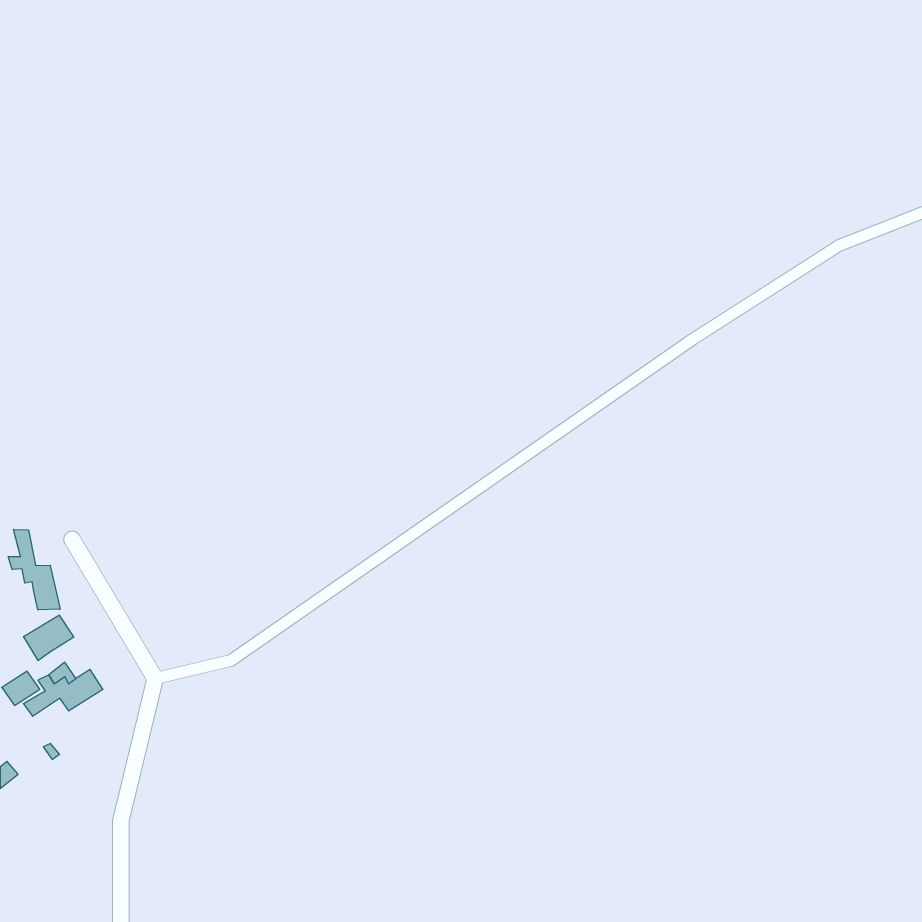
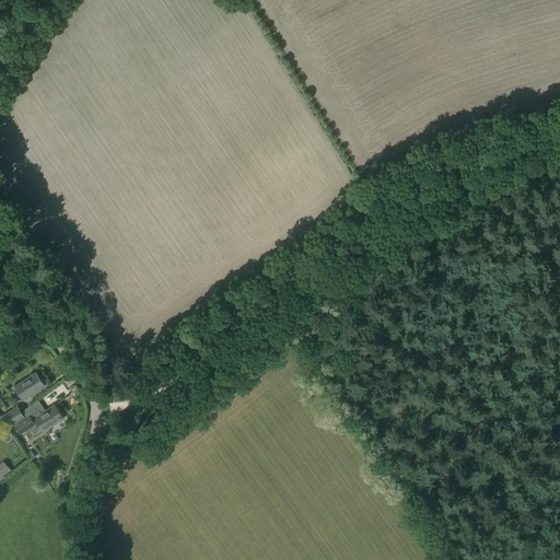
building: [8,529,60,610] -> none

